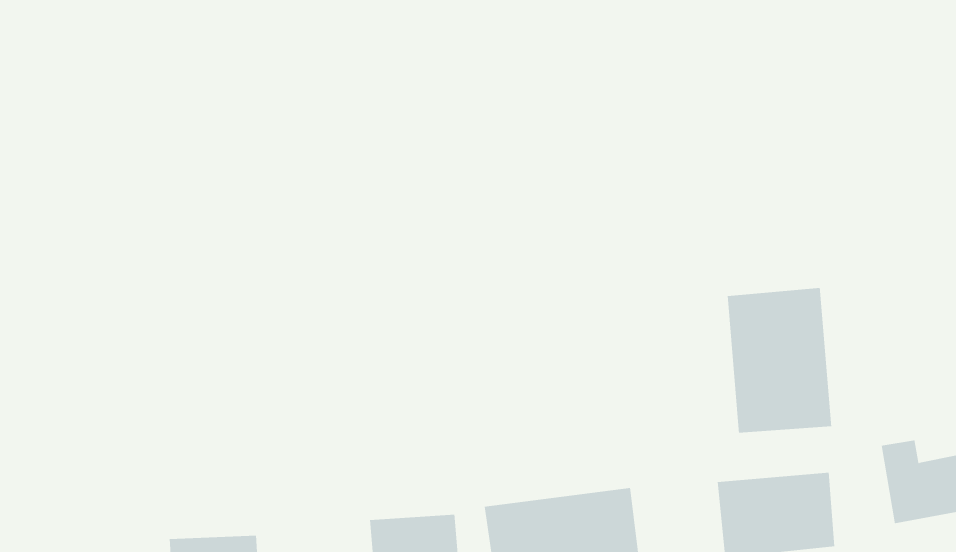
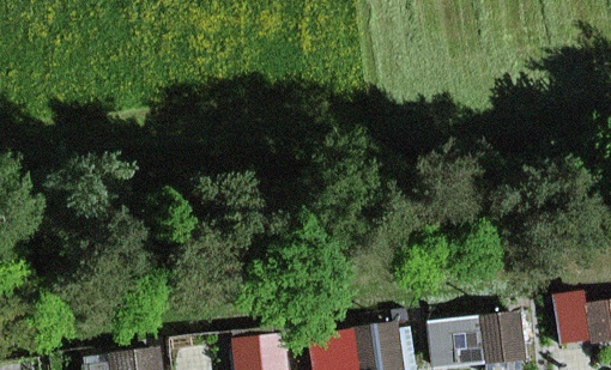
building: [727,287,832,433] -> none

